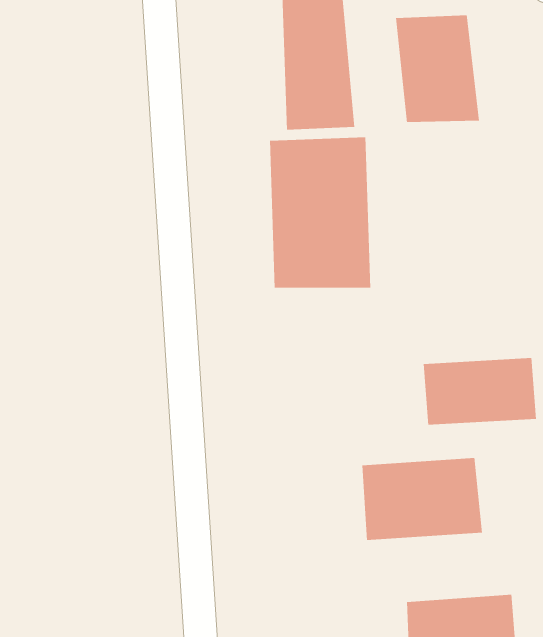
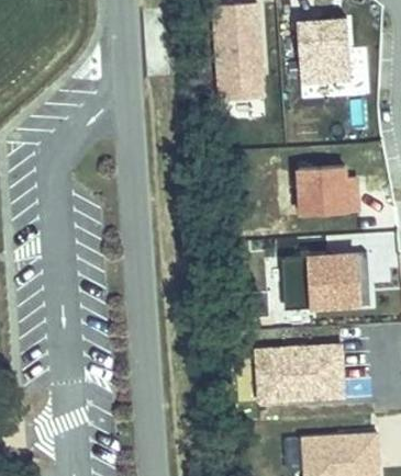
building: [269,137,371,288] -> none
building: none -> [312,174,368,224]

